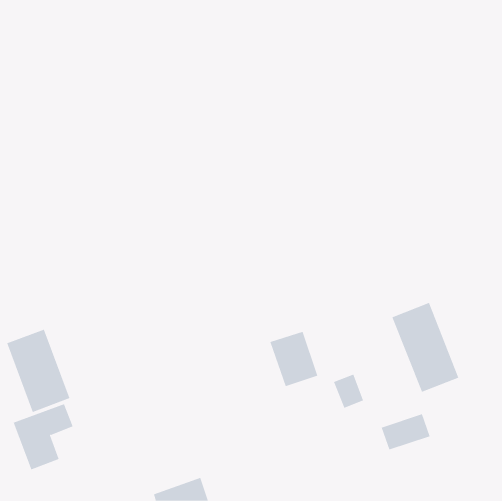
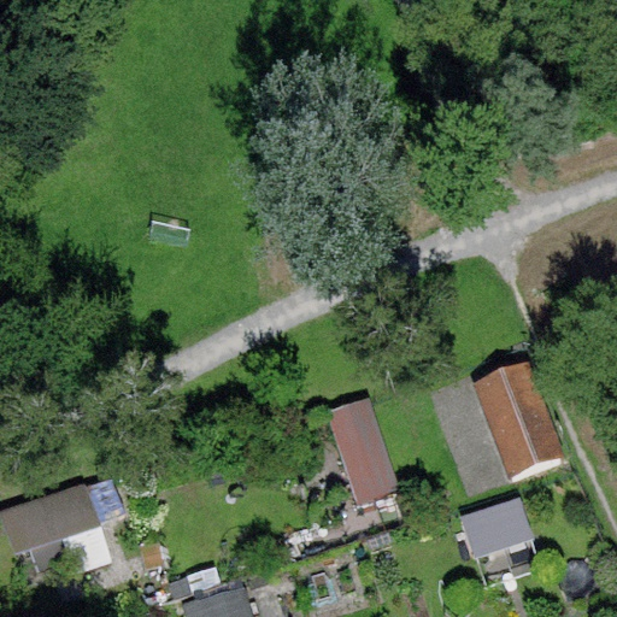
building: [6,329,70,413] -> none

